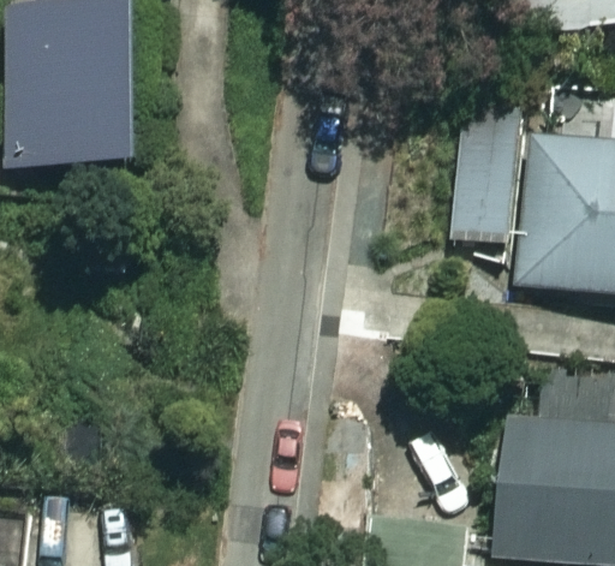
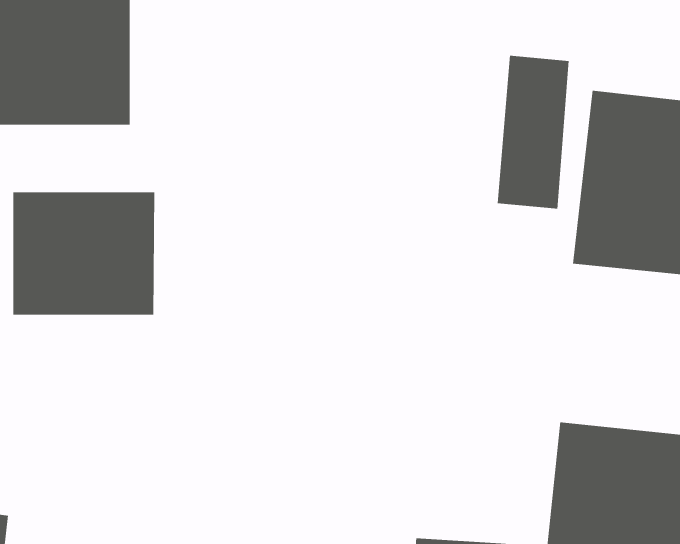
building: none -> [13,191,155,316]

